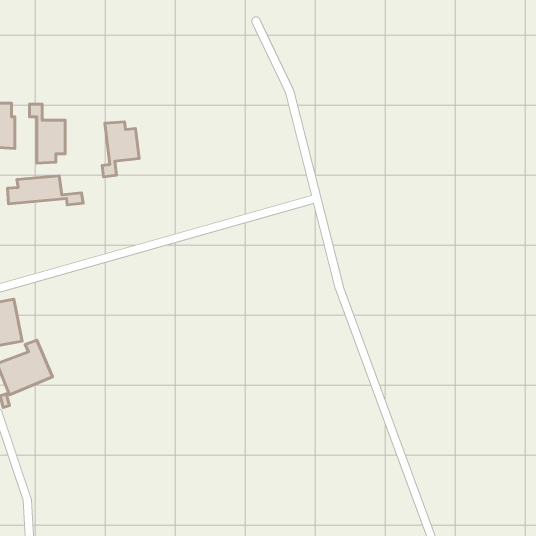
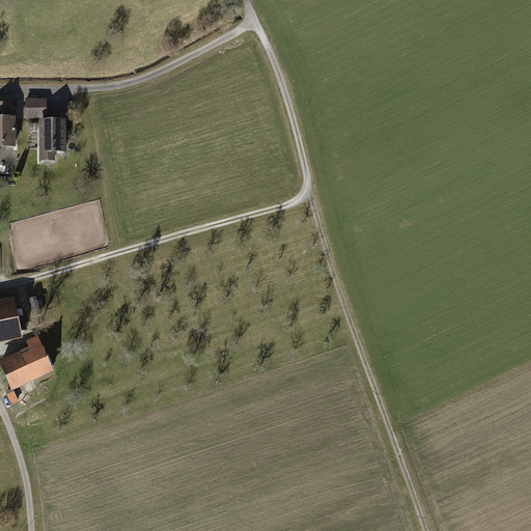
building: [102,122,139,177] -> none
building: [8,176,83,205] -> none

